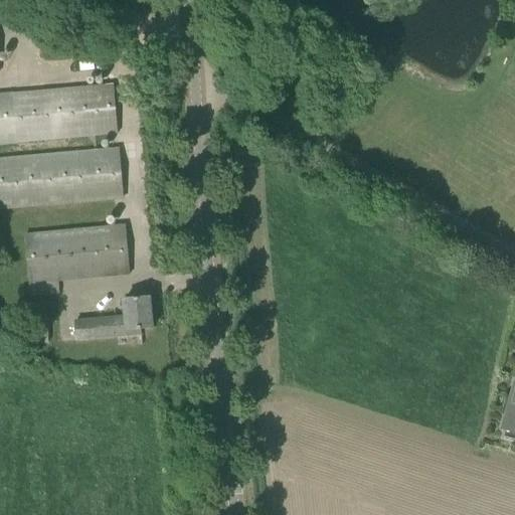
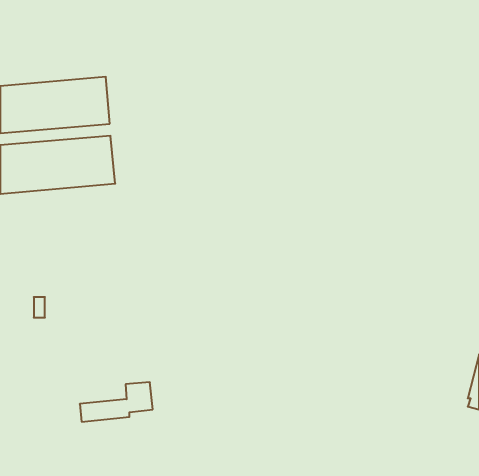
building: [24,222,130,295] -> none
building: [74,297,153,339] -> [80,382,153,422]

